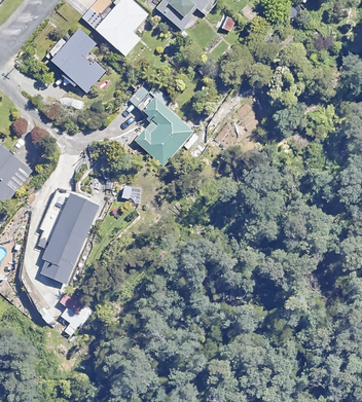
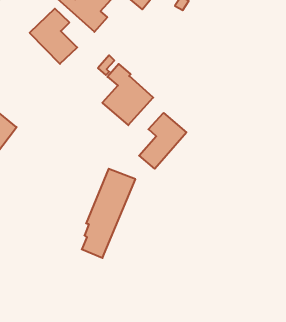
building: none -> [139,113,186,169]
building: [37,192,101,298] -> [82,169,135,258]

